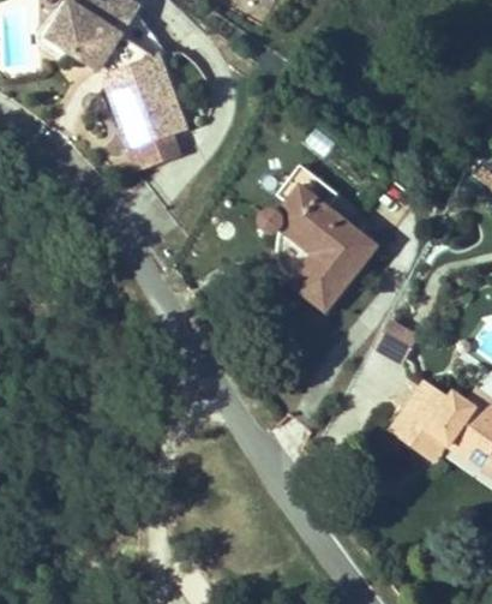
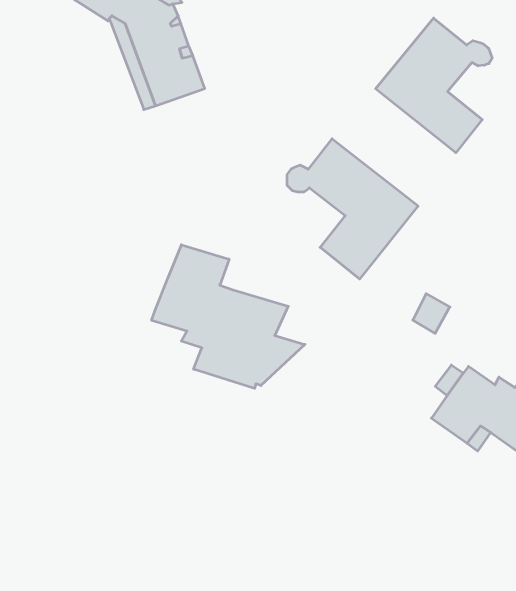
building: none -> [376,18,492,153]
building: none -> [152,245,305,388]

